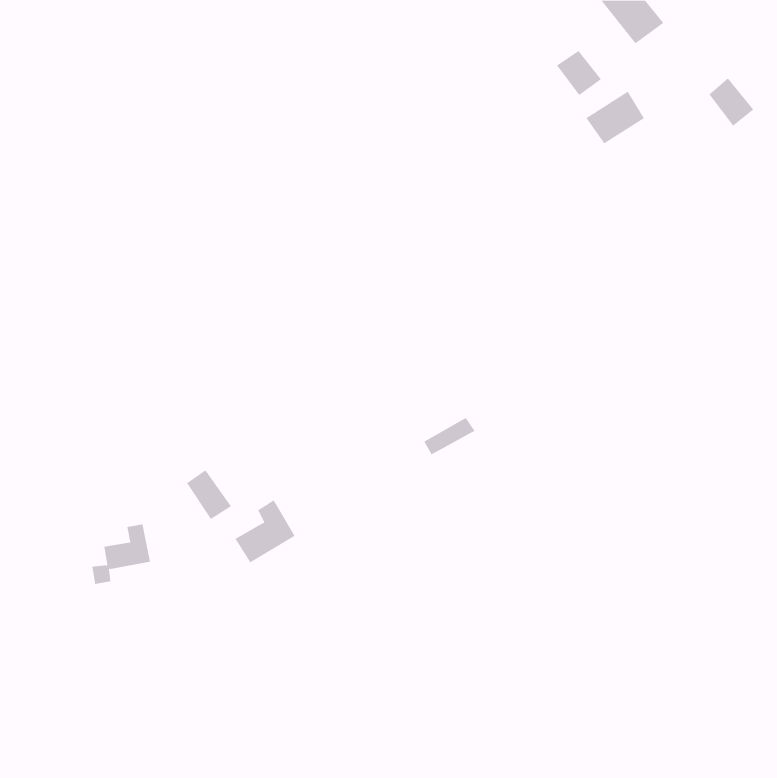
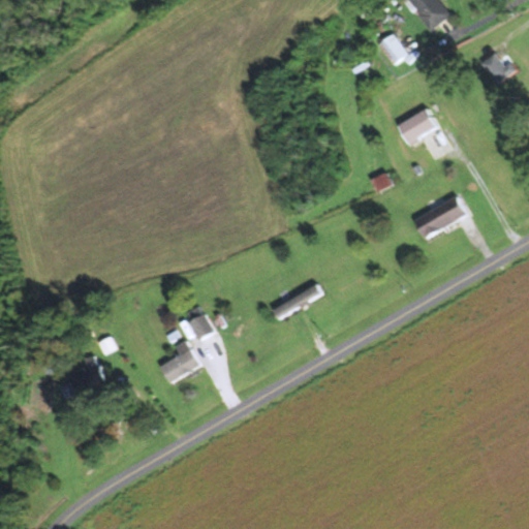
building: [585,91,645,144] -> [397,108,437,145]
building: none -> [412,196,467,240]
building: [186,469,232,520] -> [184,306,215,340]

